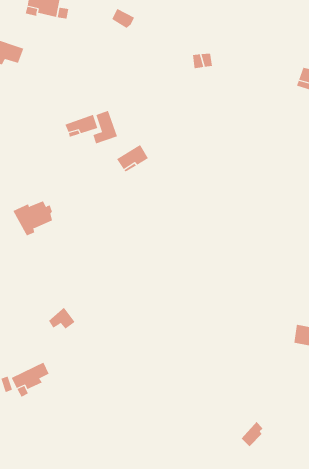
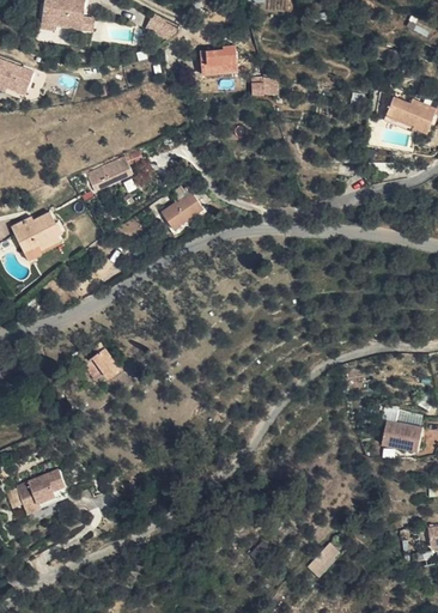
building: none -> [197,48,236,77]
building: [13,201,53,236] -> [17,214,68,260]
building: [48,307,75,329] -> [83,344,117,372]

